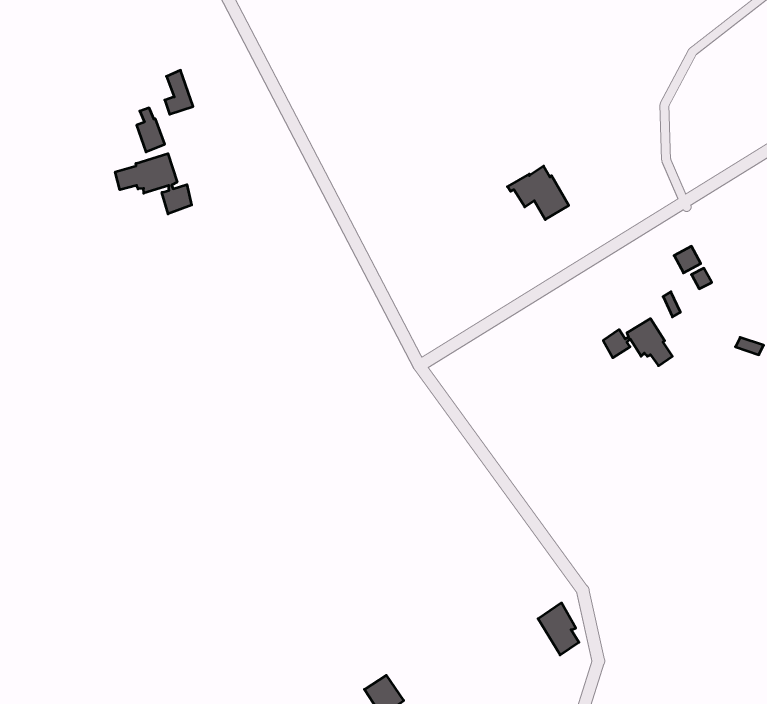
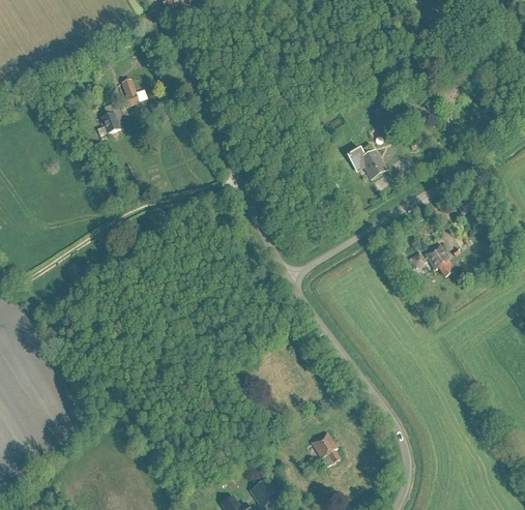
building: [115,154,192,214] -> none
building: [538,603,579,655] -> [311,431,338,466]

